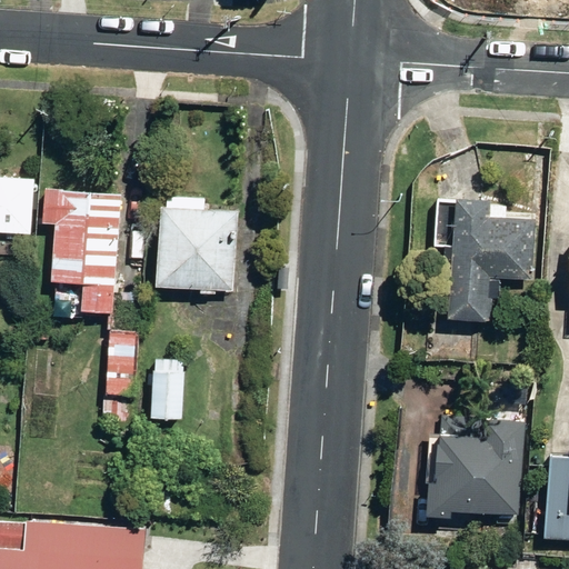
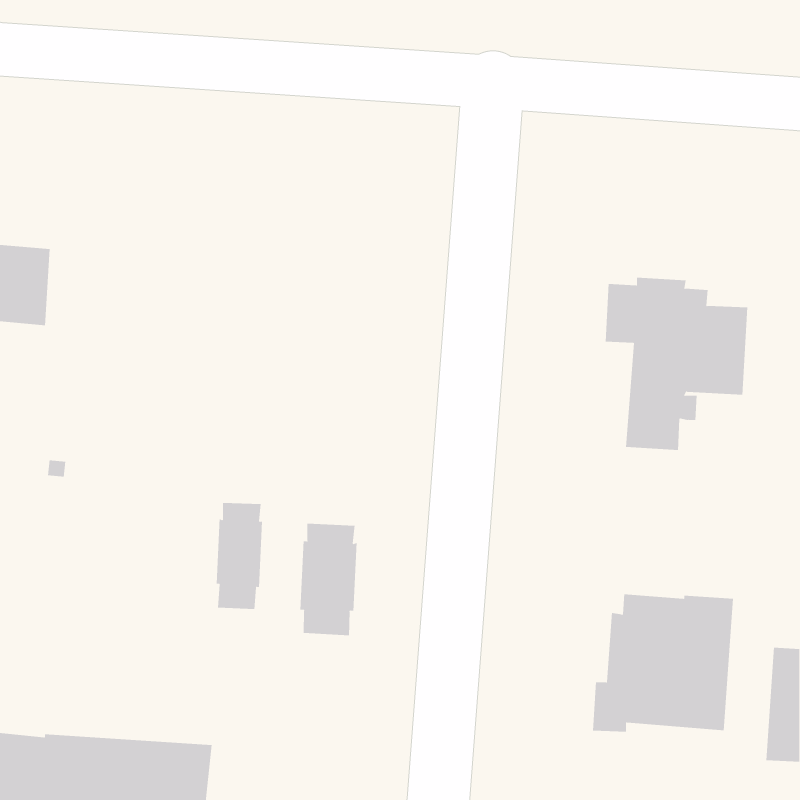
building: [46,190,142,440] -> none
building: [151,196,242,293] -> none
building: none -> [300,523,357,636]

